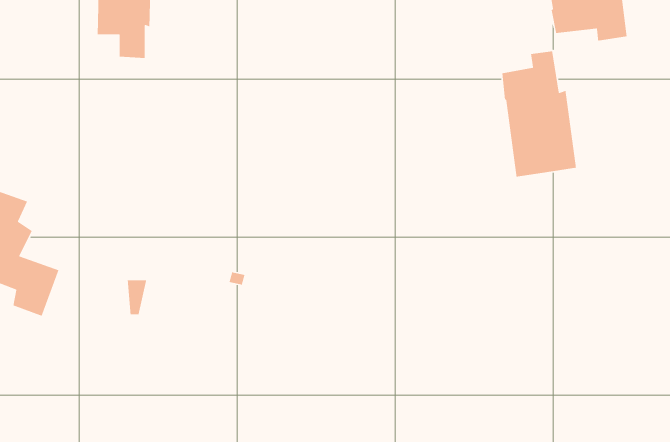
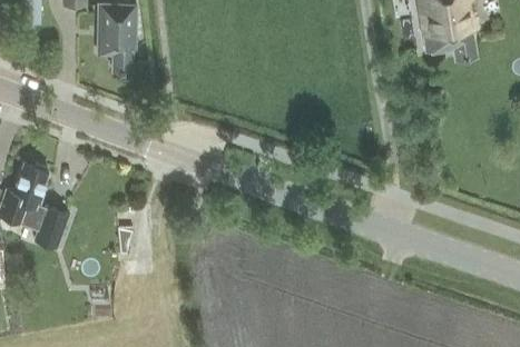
building: [501,51,577,177] -> none

